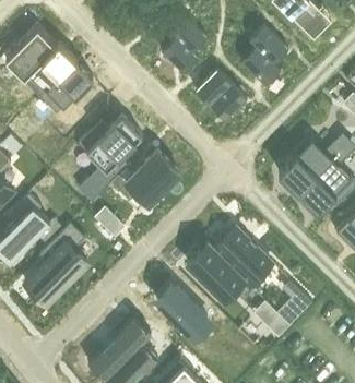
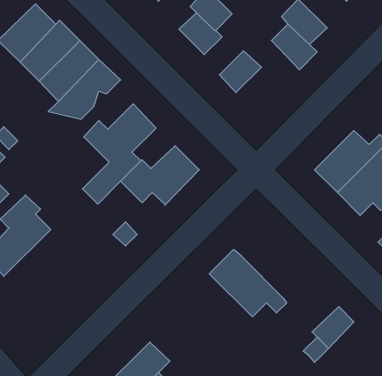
building: [210,83,247,120] -> none
building: [25,222,86,302] -> none
building: [214,224,273,283] -> none
building: [152,278,213,340] -> none

